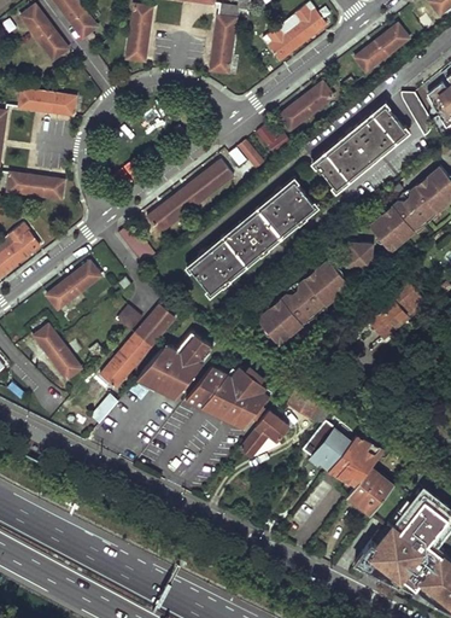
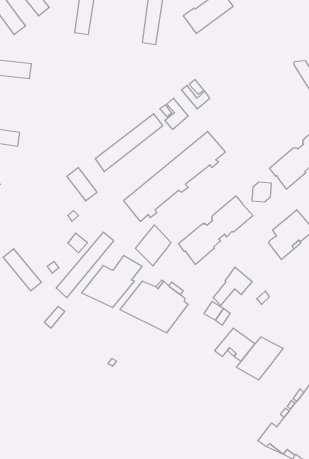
building: [356,25,408,70] -> none
building: [283,82,335,128] -> none
building: [314,106,404,191] -> none
building: [51,263,104,310] -> none
building: none -> [136,225,171,266]
building: [240,412,288,459] -> [213,267,252,305]
building: [346,470,392,517] -> none

